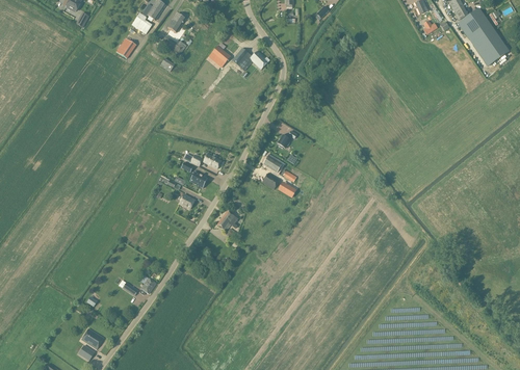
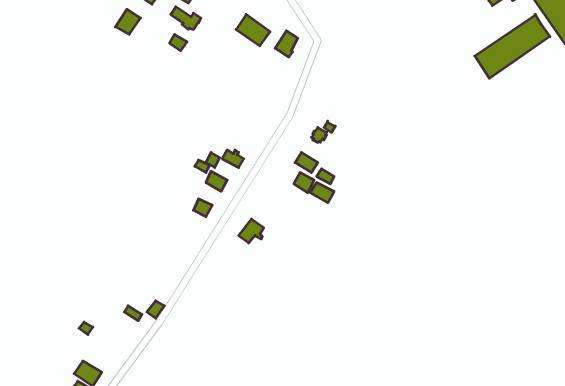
building: none -> [475,14,550,78]

